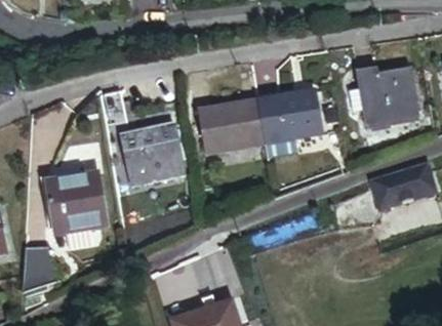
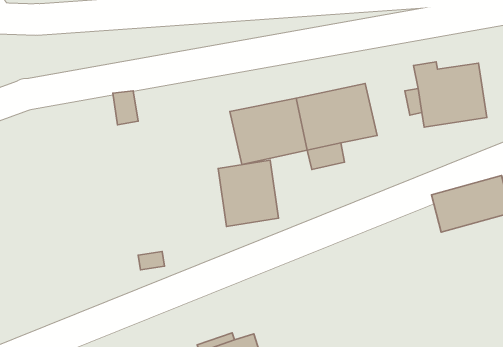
building: [127,124,178,180] -> [218,160,279,227]
building: [43,172,106,231] -> none
building: [22,242,63,286] -> none

